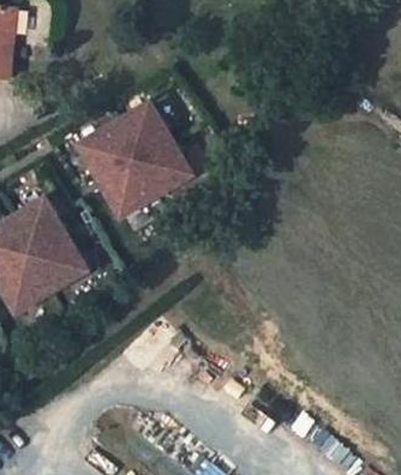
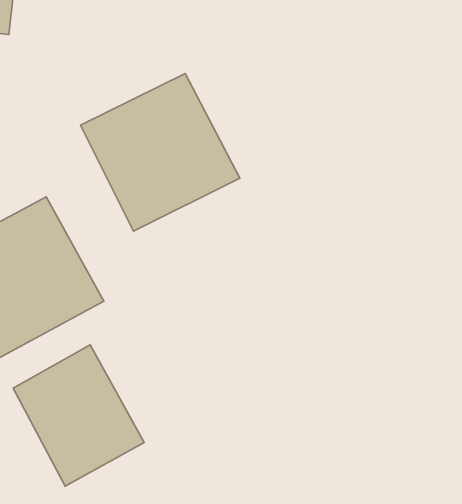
building: none -> [13,345,144,486]

